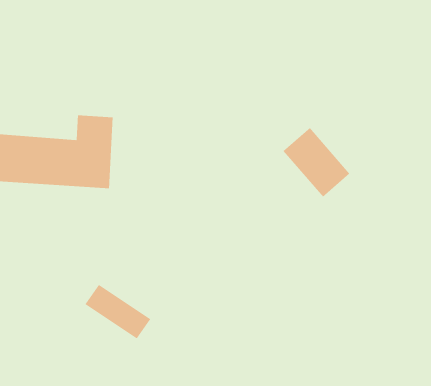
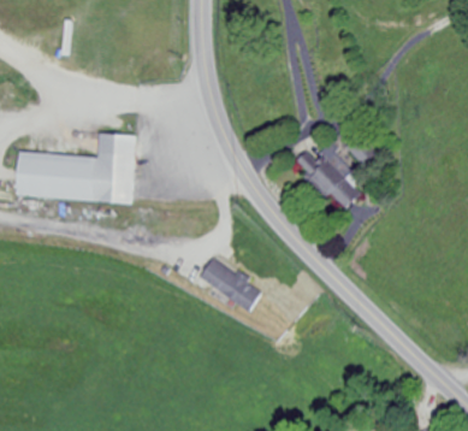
building: [85,284,151,339] -> [199,256,262,309]

